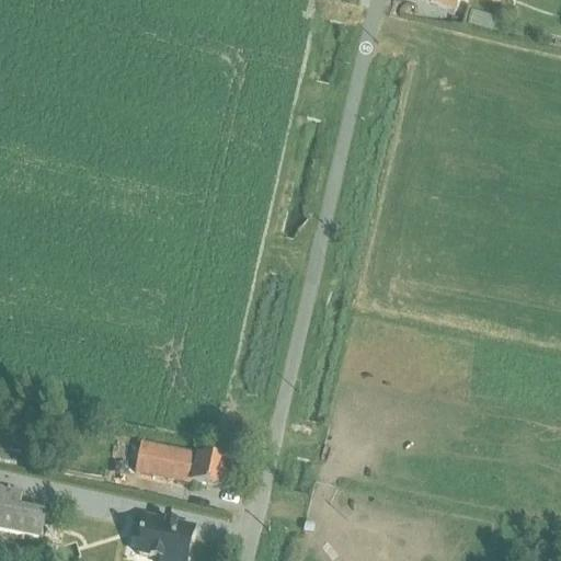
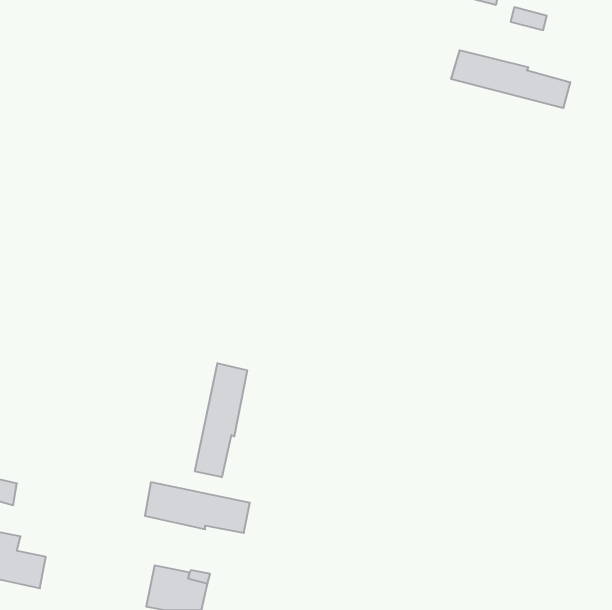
building: none -> [451,50,570,108]
building: none -> [195,363,247,477]

